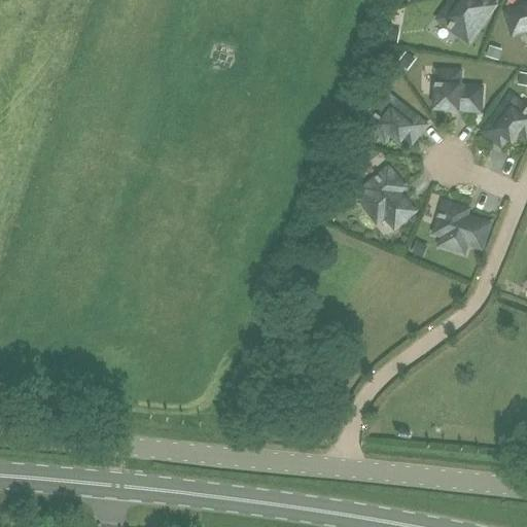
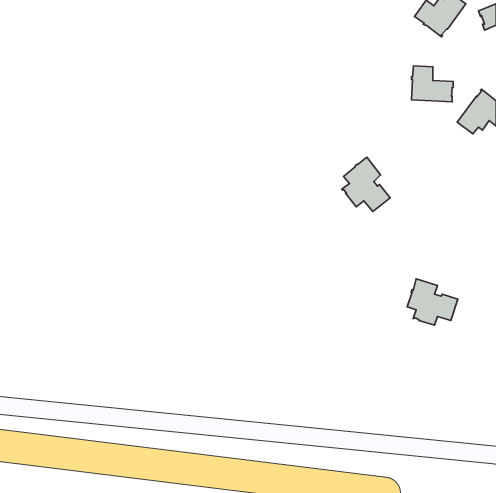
building: [368,96,425,140] -> none
building: [435,201,489,250] -> [407,279,458,325]

